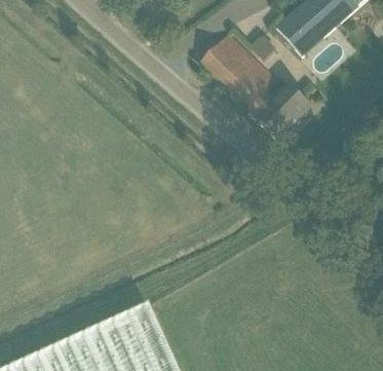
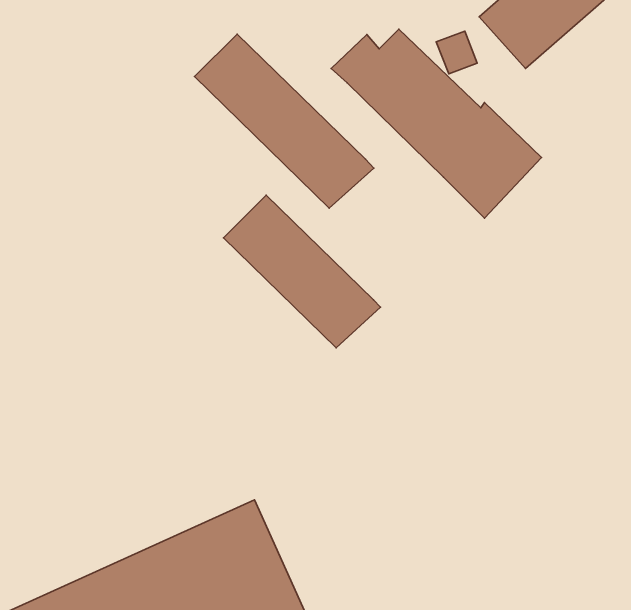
building: none -> [195,34,374,208]
building: none -> [224,195,380,348]

